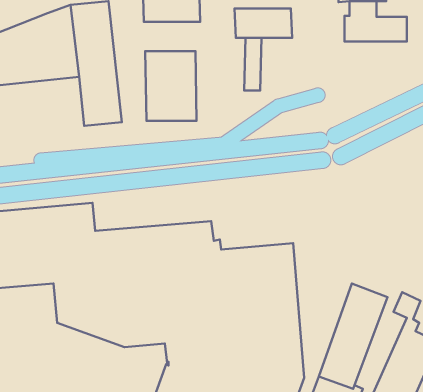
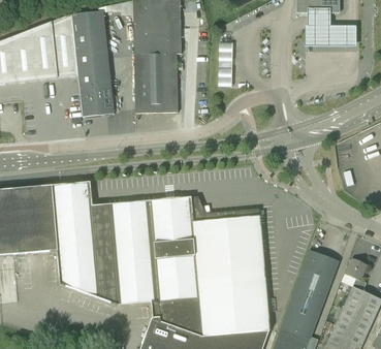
building: [235,8,292,38] -> [133,29,182,54]

